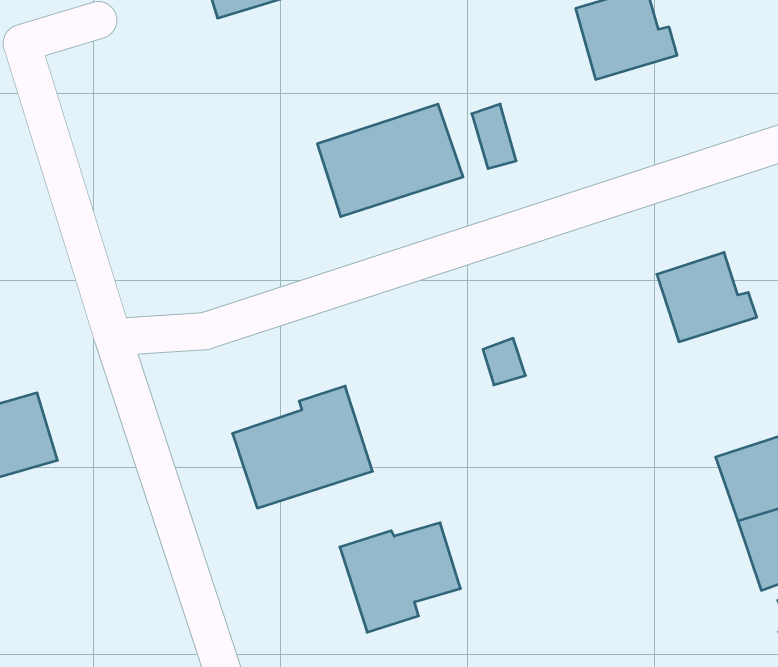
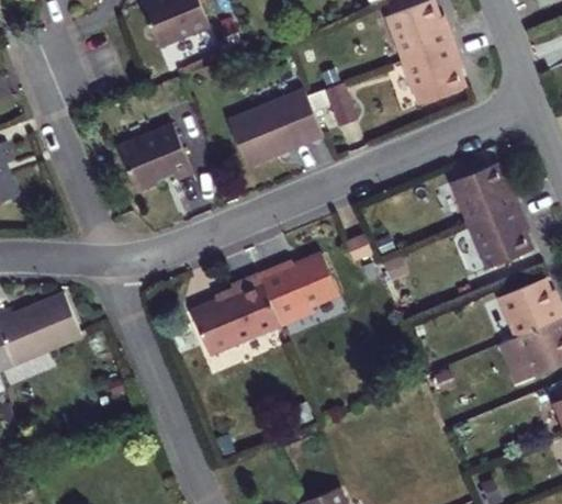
building: none -> [402,45,462,109]
building: none -> [120,122,196,189]
building: none -> [469,208,528,270]
building: [340,523,461,632] -> [259,253,338,326]

